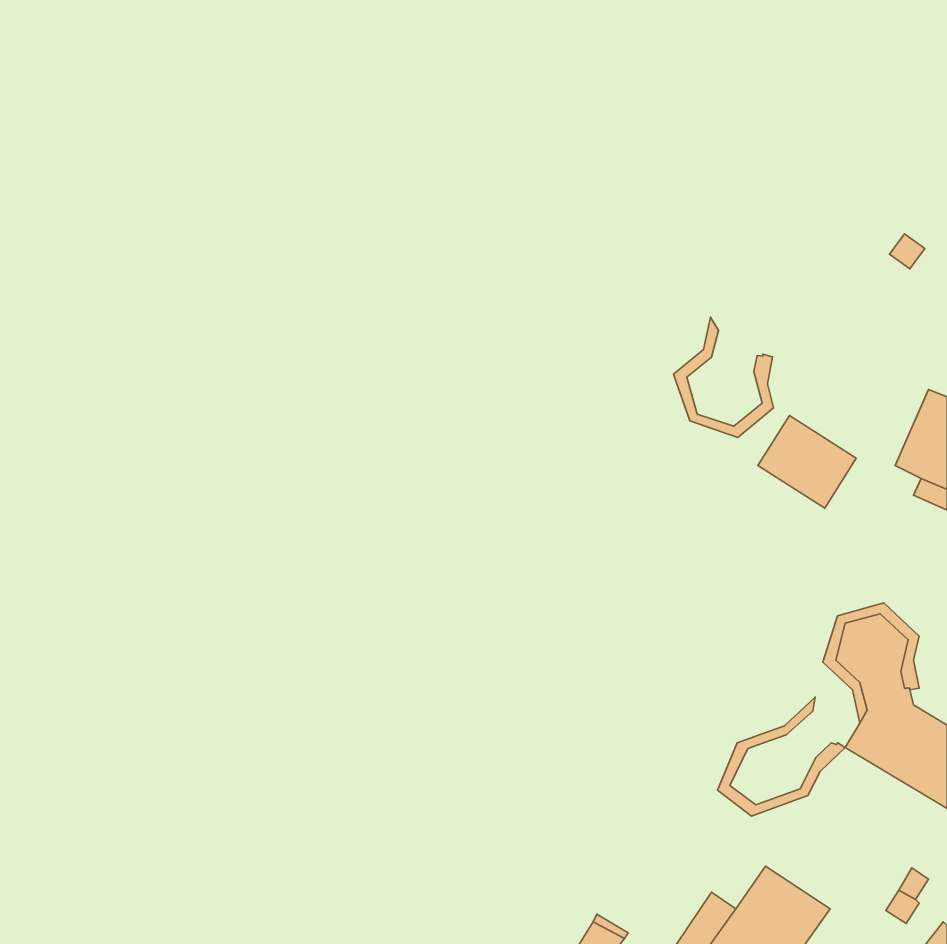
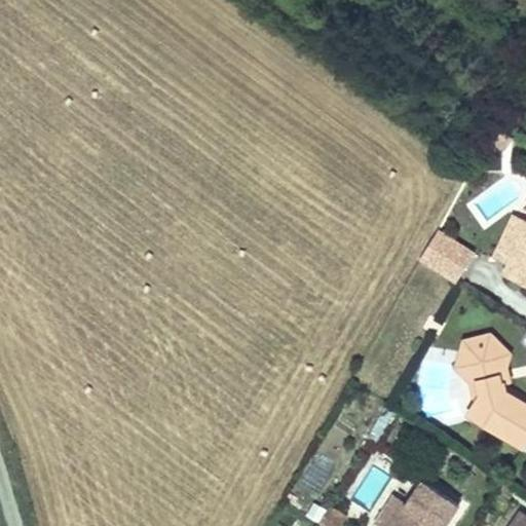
building: [673,317,774,438] -> none
building: [718,697,845,816] -> none

